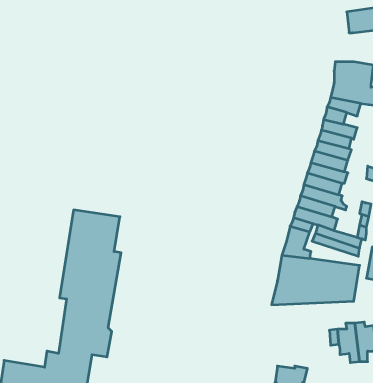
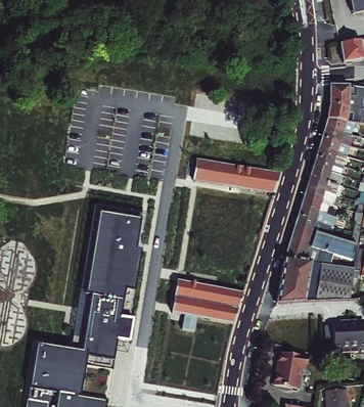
building: none -> [196,161,282,194]
building: none -> [174,280,245,332]

